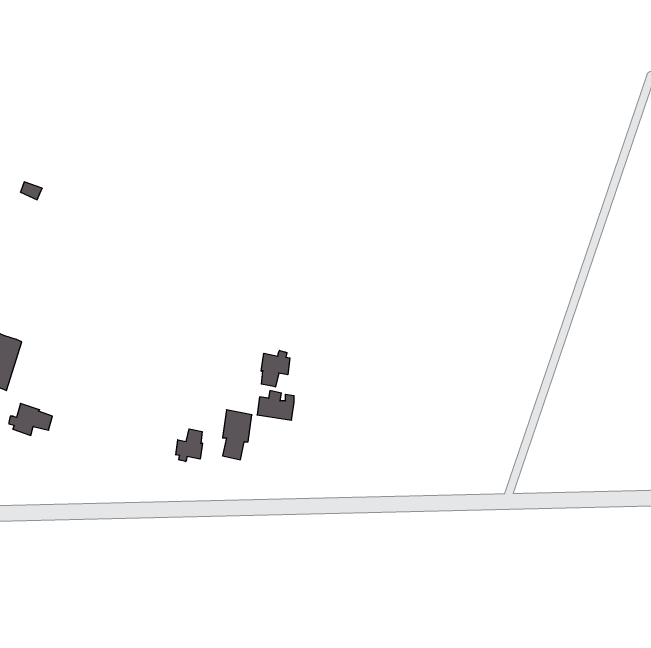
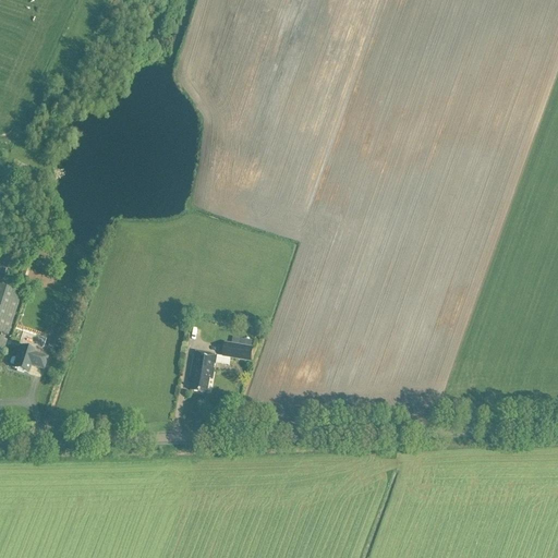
building: [261,350,290,387] -> none
building: [176,429,202,462] -> none

